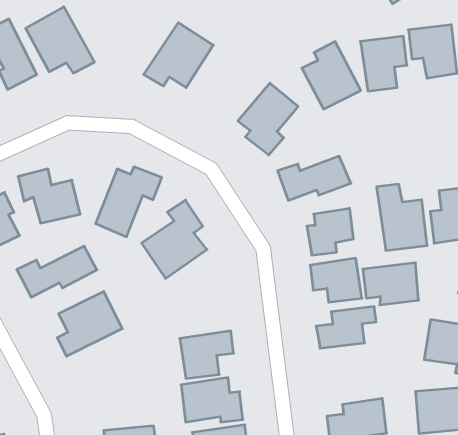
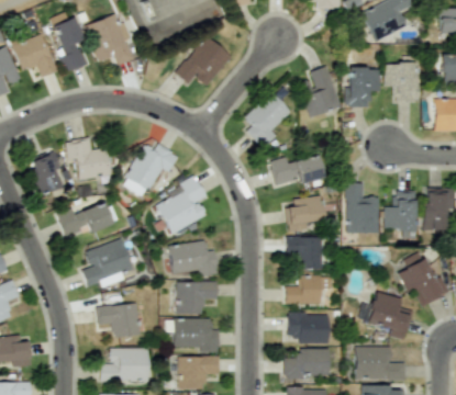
building: [363,263,419,305] -> [288,314,330,343]
building: none -> [168,240,219,278]
building: none -> [97,304,141,338]

